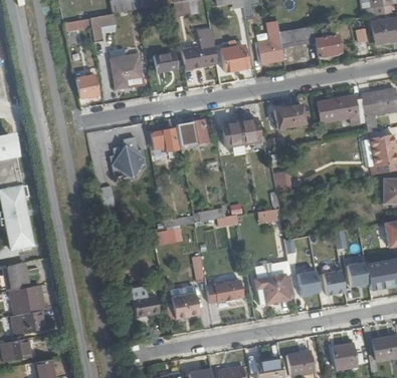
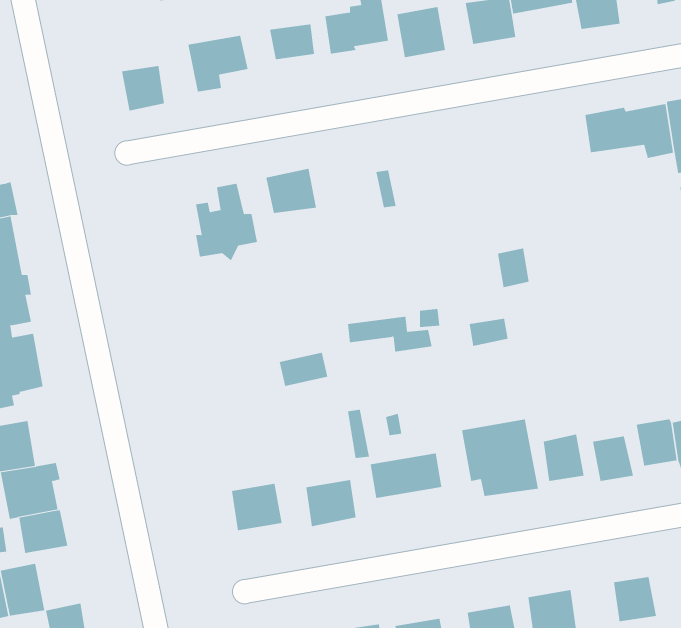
building: [275,103,306,127] -> none
building: [222,116,261,146] -> none
building: [177,120,208,147] -> none

